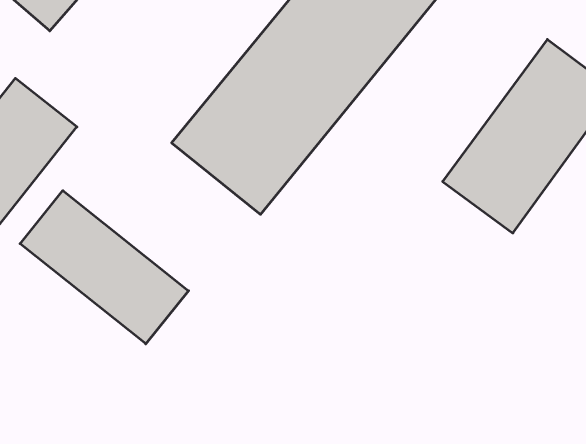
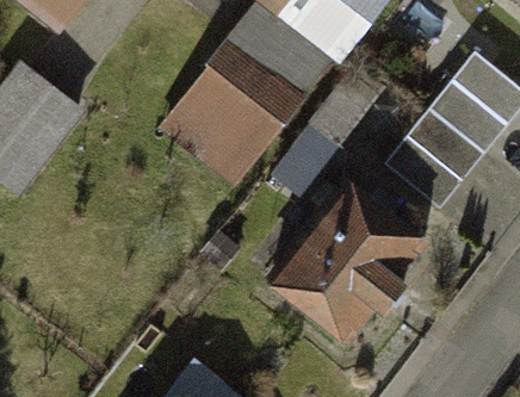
building: [20,191,189,344] -> none
building: none -> [286,180,435,333]

